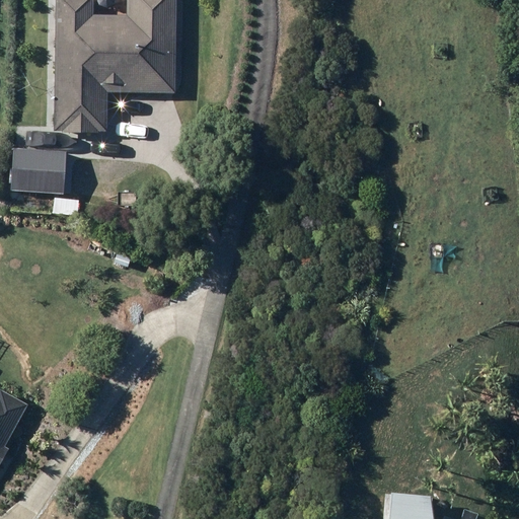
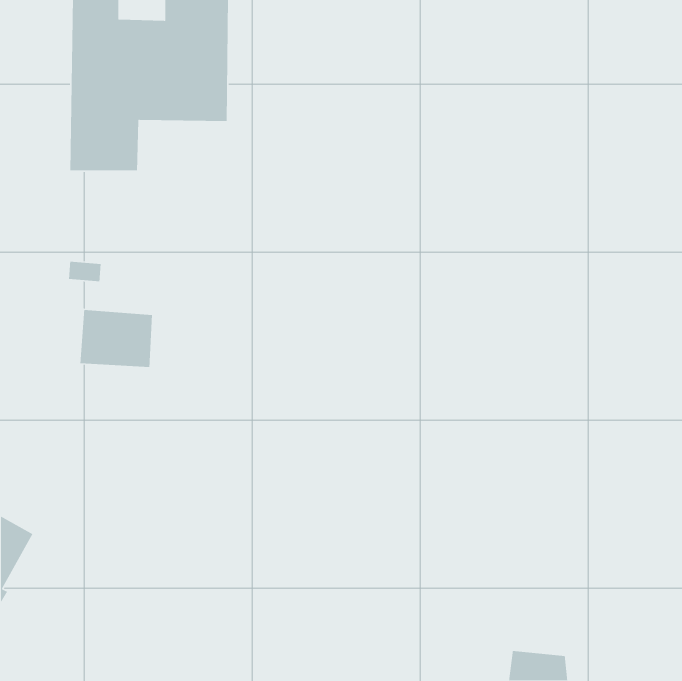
building: [9,148,65,193] -> [79,309,153,368]

